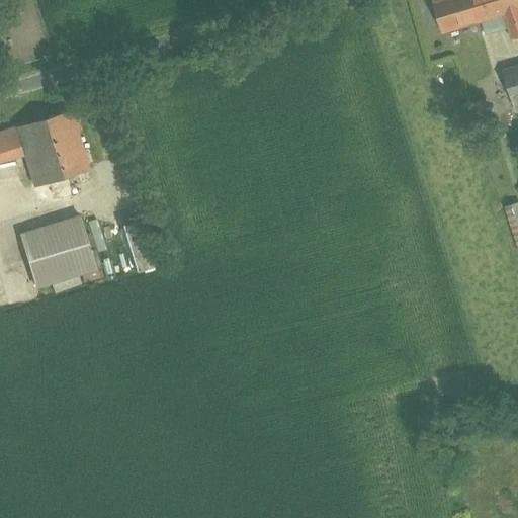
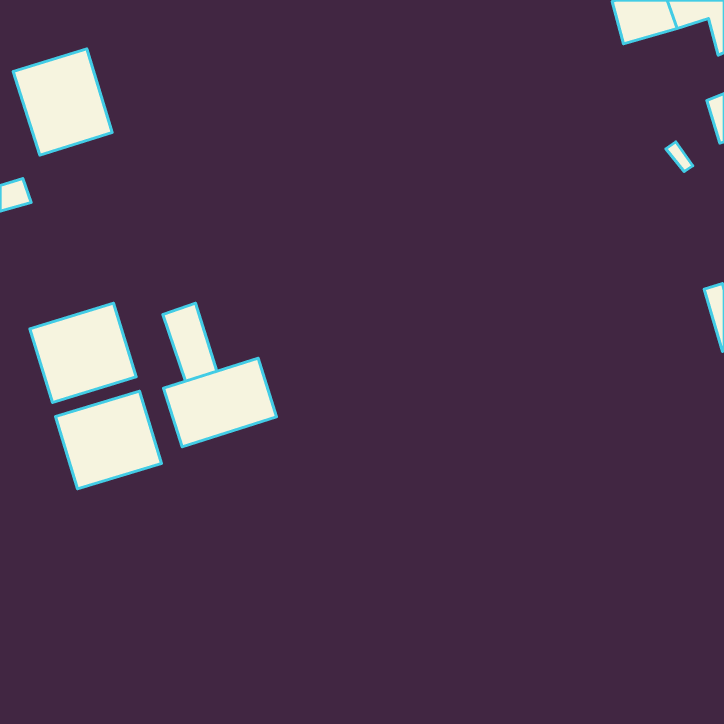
building: [18,110,89,186] -> [13,49,112,155]
building: none -> [164,358,276,447]
building: none -> [55,391,161,489]

